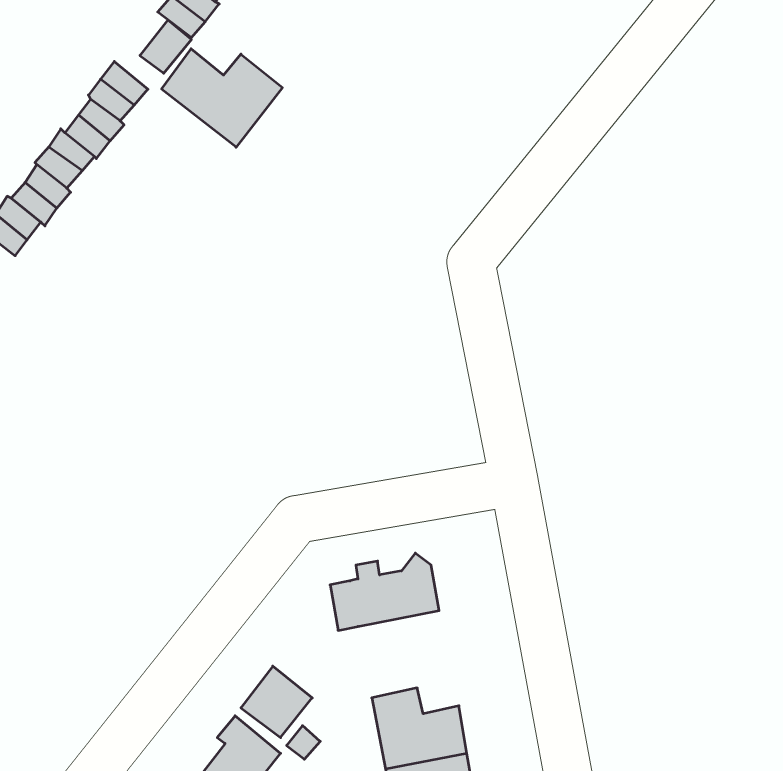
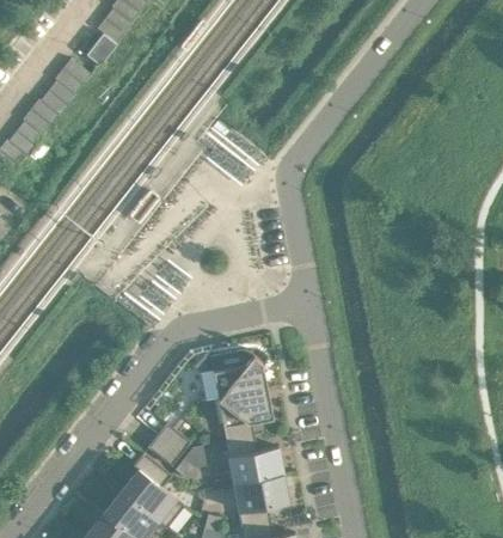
building: [162,49,282,147] -> none
building: none -> [216,391,271,444]

